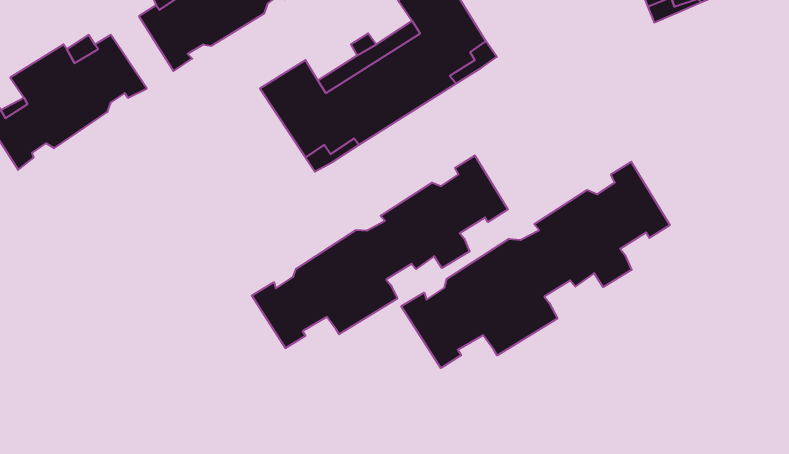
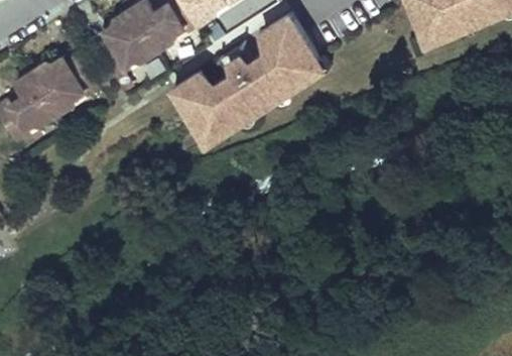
building: [252,155,508,348] -> none
building: [401,162,670,368] -> none

